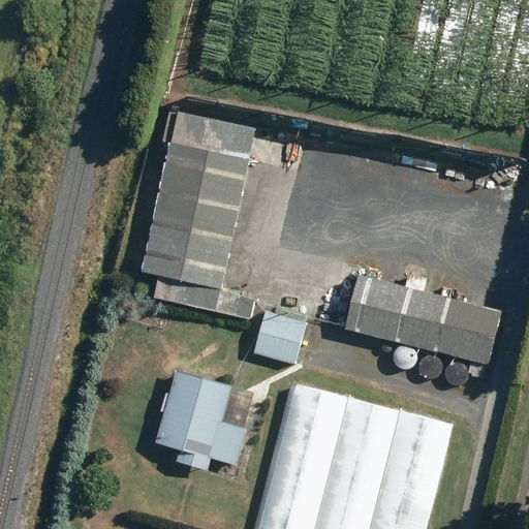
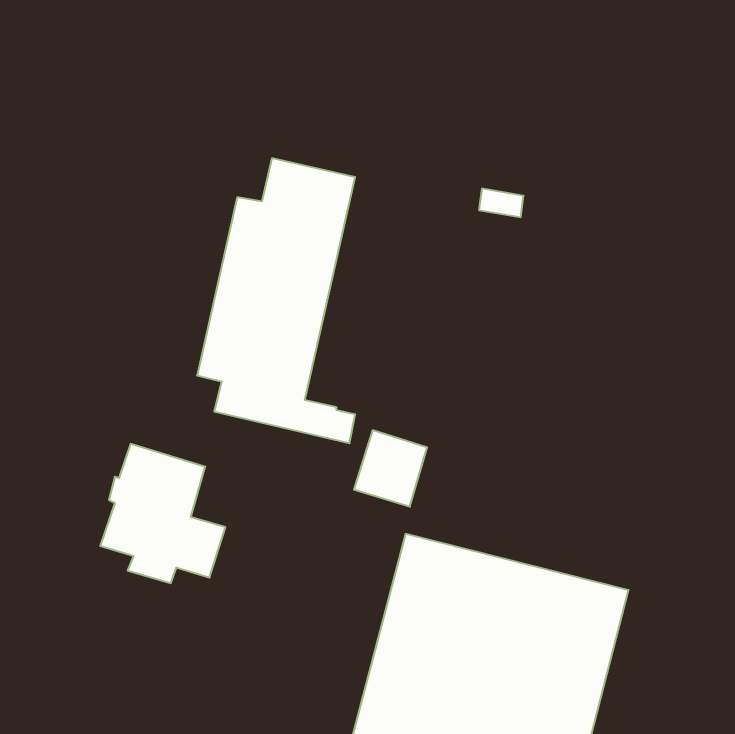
building: [323,269,501,379] -> none
building: [156,370,246,470] -> [100,444,225,583]

